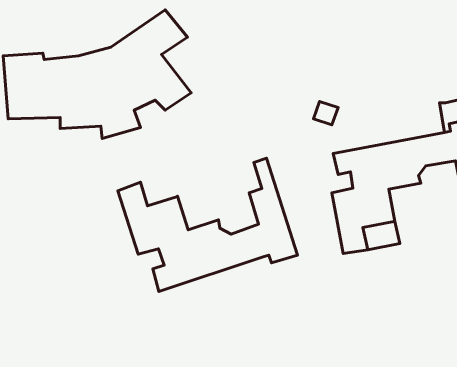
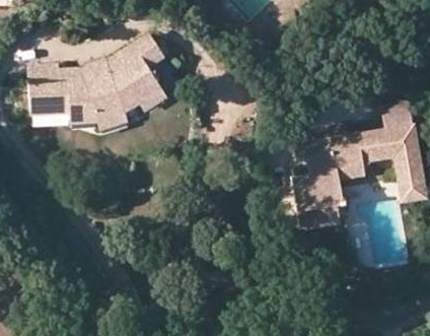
building: [118,158,298,292] -> none

